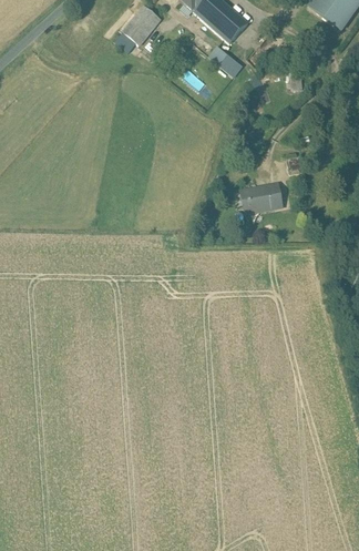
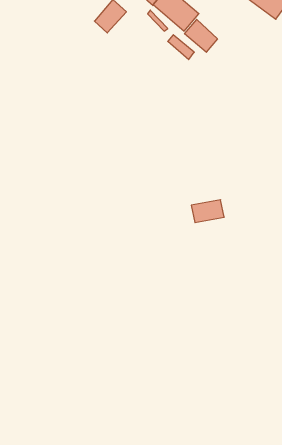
building: none -> [185,19,217,52]
building: [240,184,280,212] -> [191,200,224,223]

